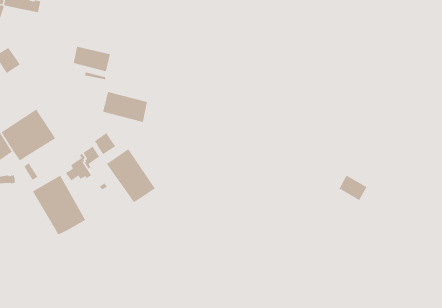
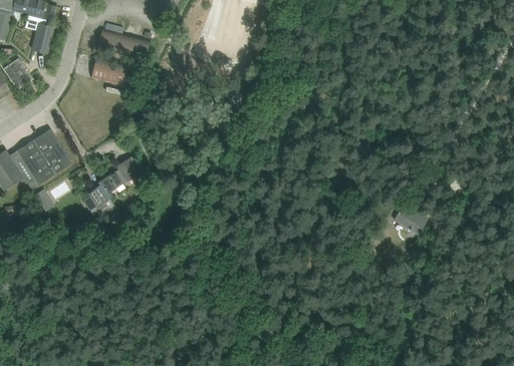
building: none -> [31,22,54,54]
building: [102,91,148,123] -> [96,27,149,63]
building: [106,148,156,203] -> none
building: [32,175,86,236] -> none

